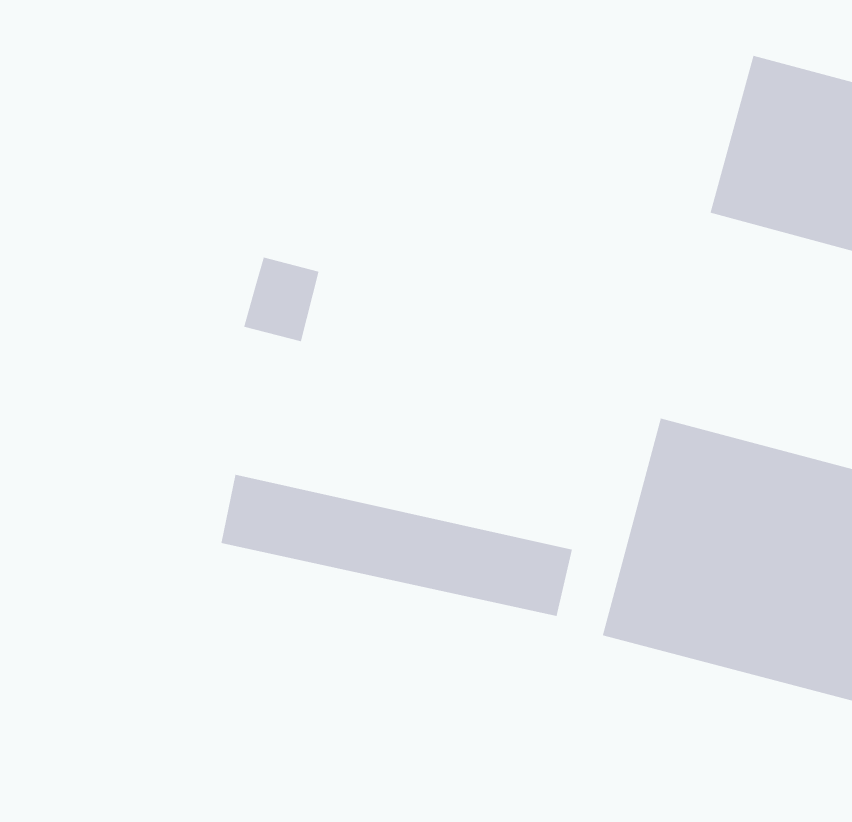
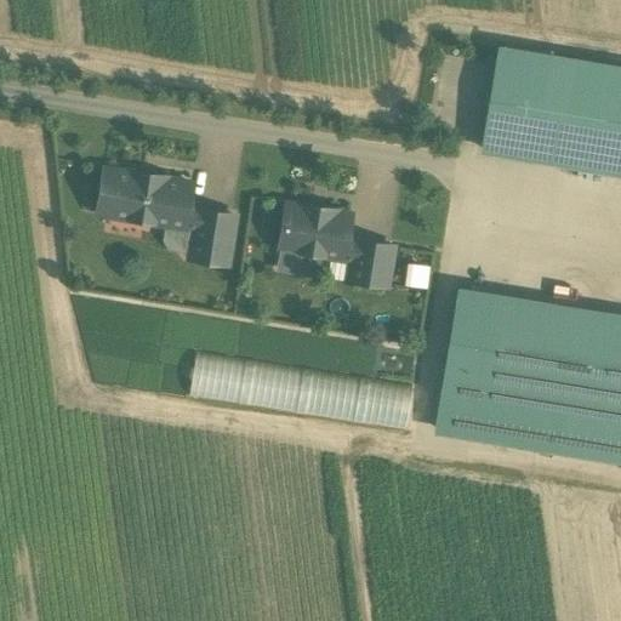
building: none -> [96,169,196,228]
building: none -> [278,198,397,289]

